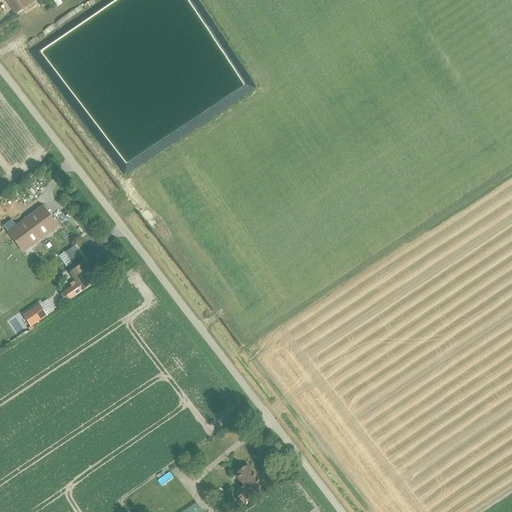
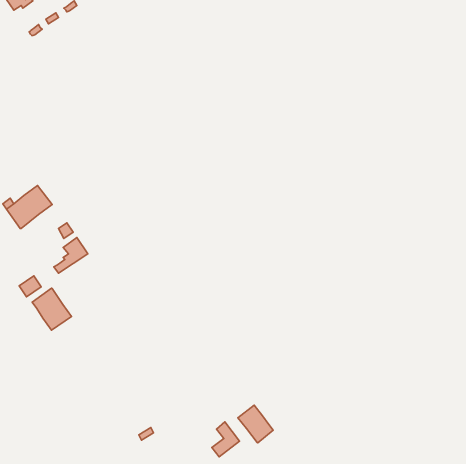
building: none -> [32,288,71,330]
building: none -> [238,405,273,443]

